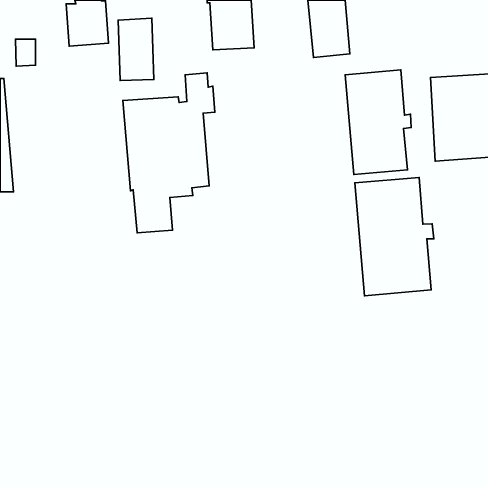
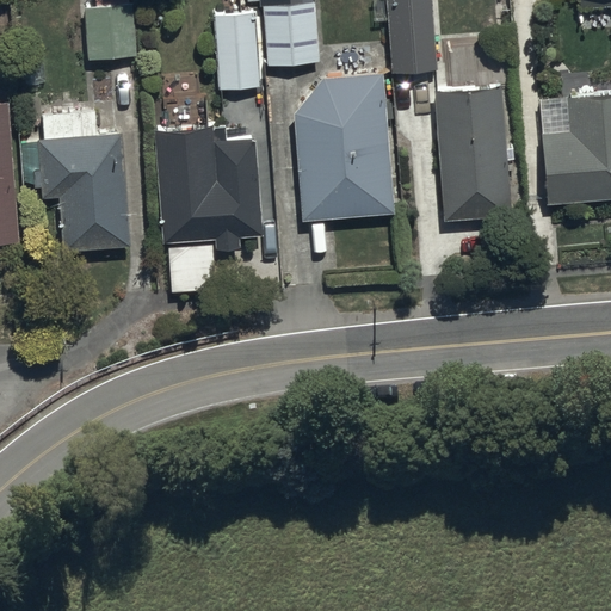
building: [118,18,154,81] -> [216,13,260,91]
building: none -> [292,74,396,221]
building: none -> [20,111,132,254]
building: [355,178,434,296] -> none

